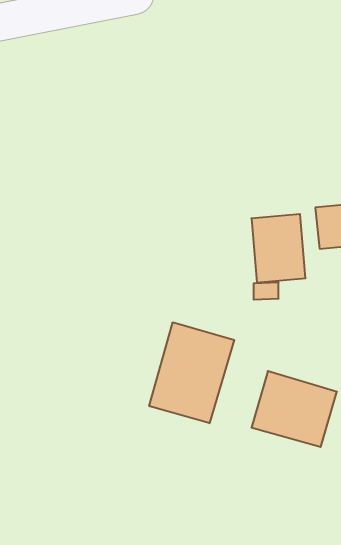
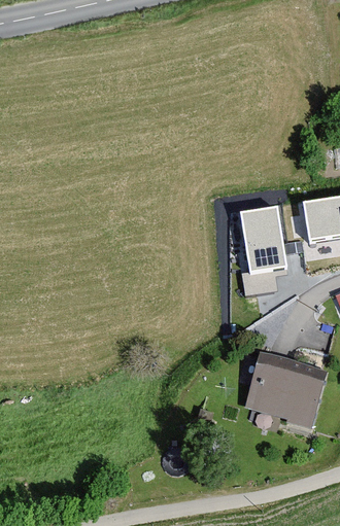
building: [149,322,234,423] -> none

